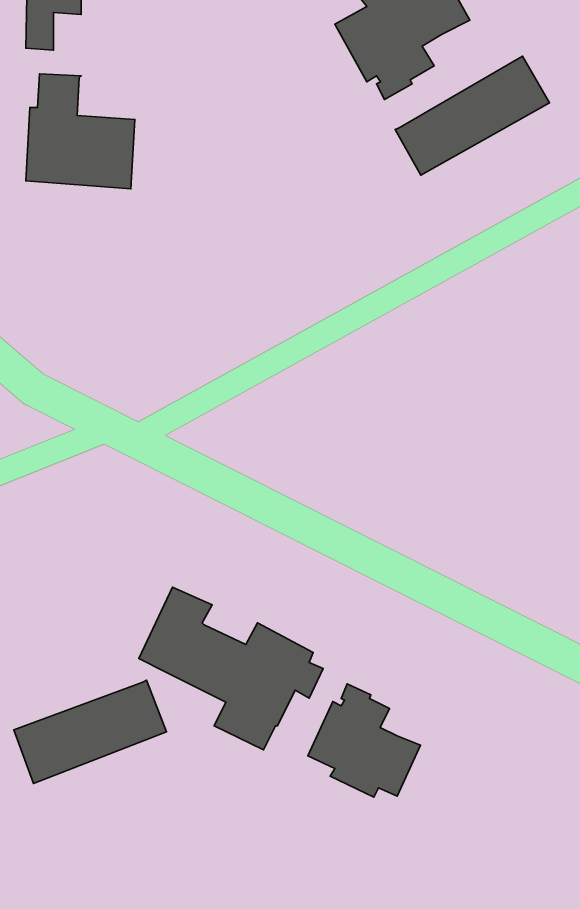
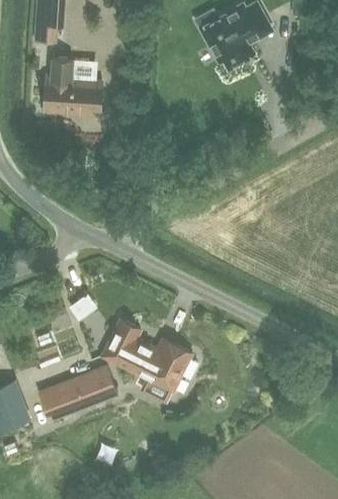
building: [395,56,550,175] -> none
building: [308,684,421,797] -> none

